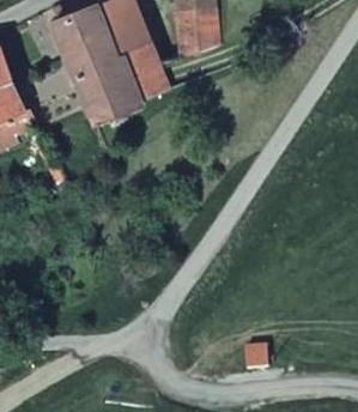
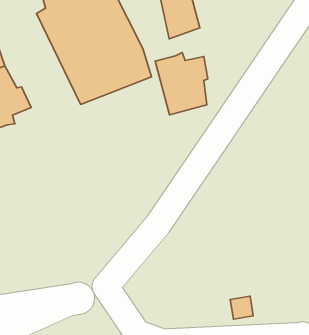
building: none -> [155,52,208,115]

